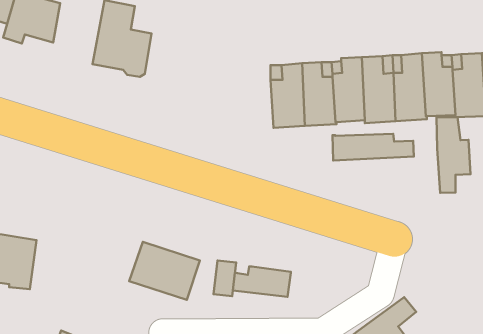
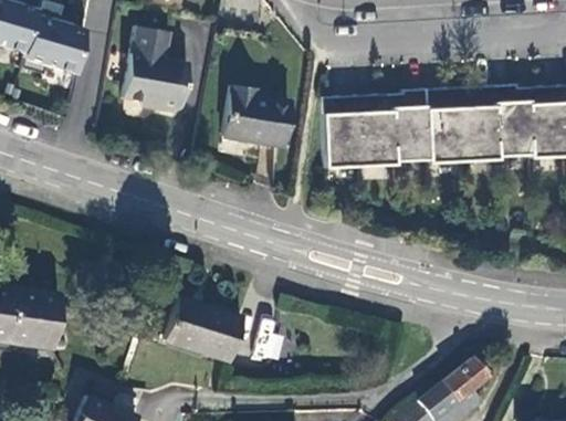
building: none -> [224,86,291,147]
building: [437,117,471,193] -> none
building: [333,134,414,160] -> none
building: [233,266,291,297] -> none

